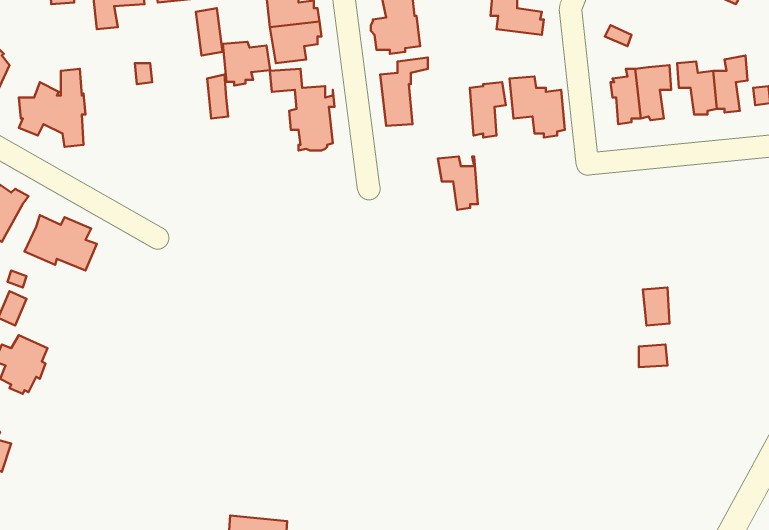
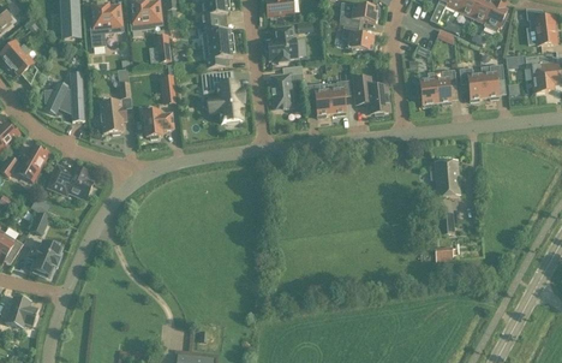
building: [223,42,270,86] -> [143,109,173,137]
building: none -> [98,100,126,133]
building: [438,157,478,210] -> [305,83,330,117]
building: none -> [434,159,459,195]

